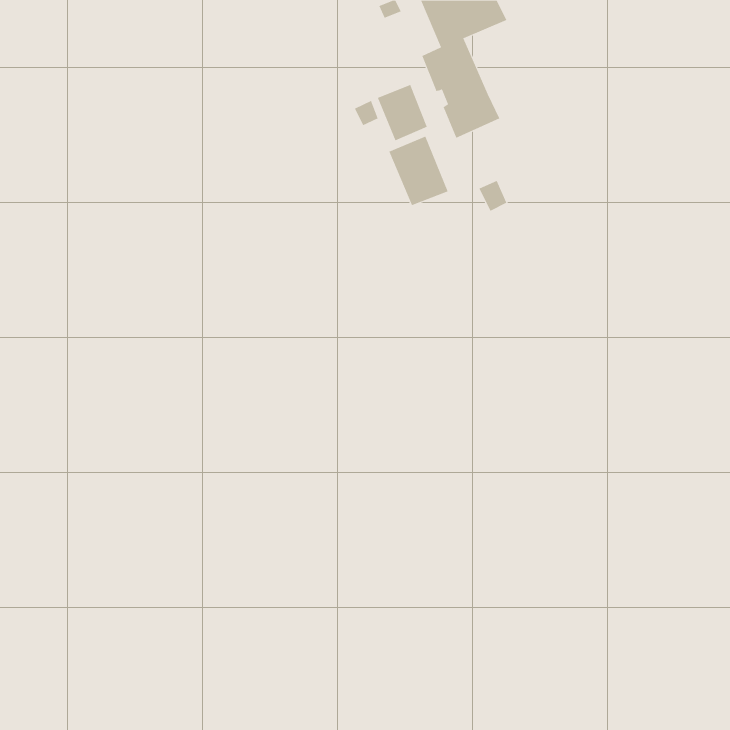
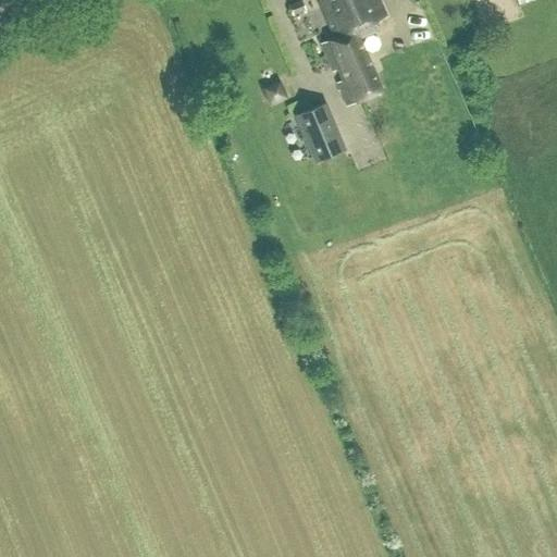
building: [377,84,428,141] -> none

